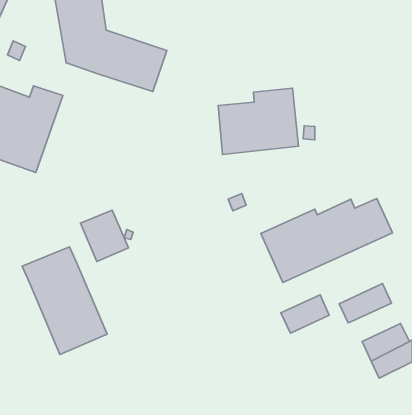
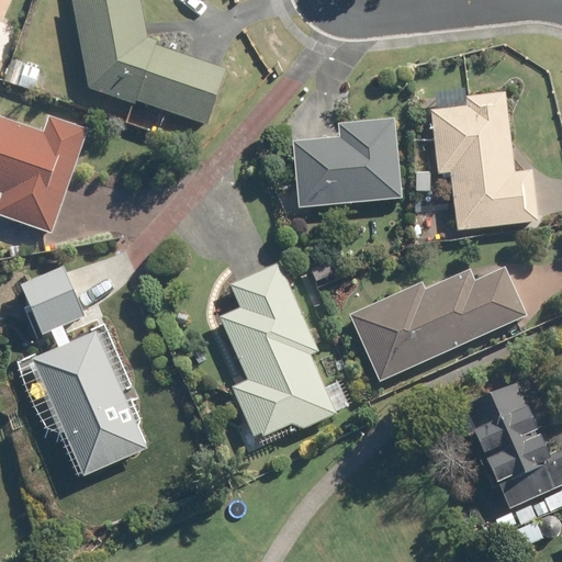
building: none -> [430,93,537,231]
building: none -> [222,262,338,435]
building: [80,210,129,262] -> [11,261,76,330]
building: [281,295,329,333] -> [473,407,538,459]

